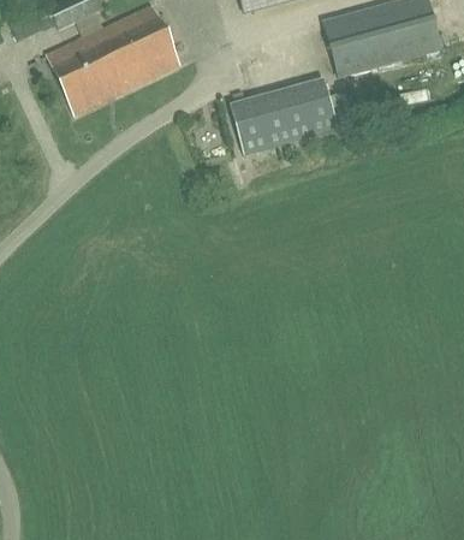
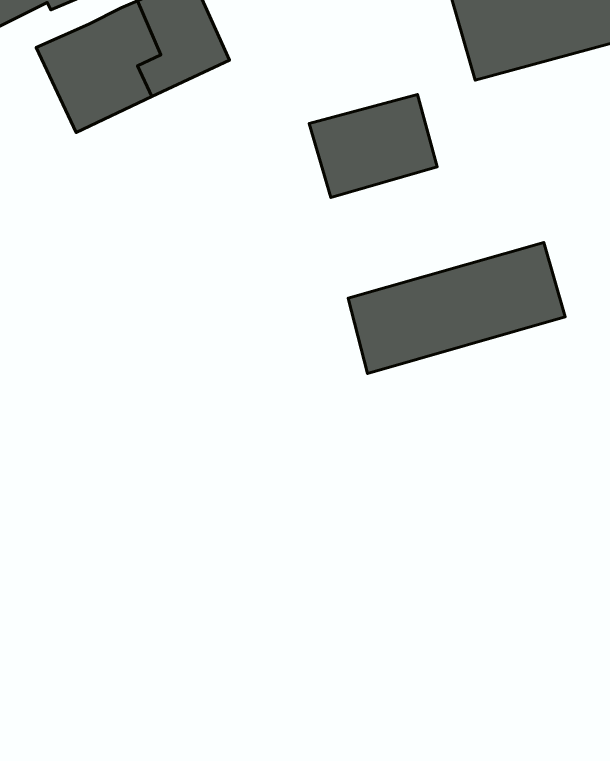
building: [302,77,339,132] -> none
building: none -> [348,242,565,374]

